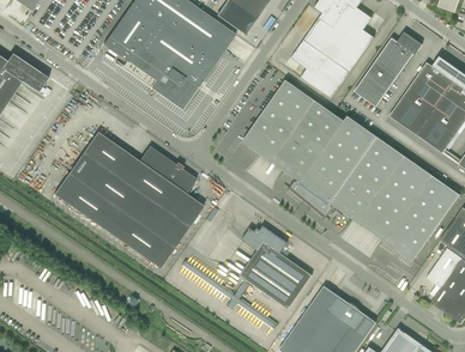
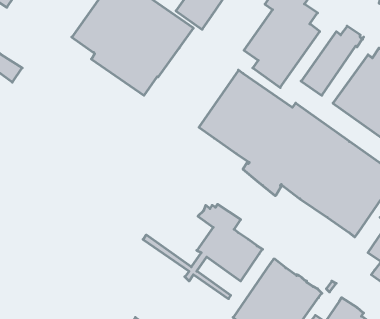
building: [54,131,204,268] -> none

